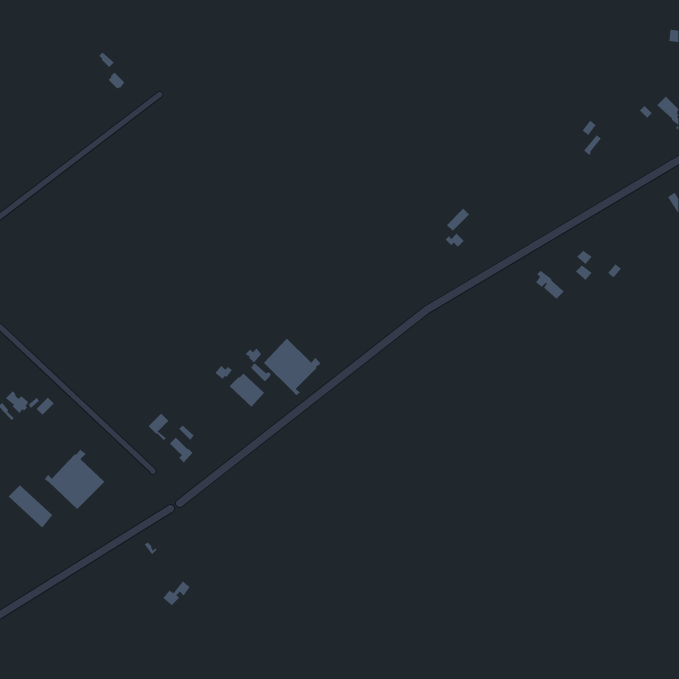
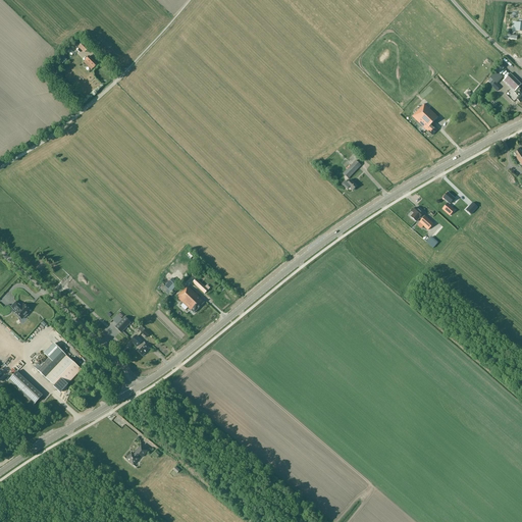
building: none -> [411,103,436,135]
building: [263,338,321,396] -> none

